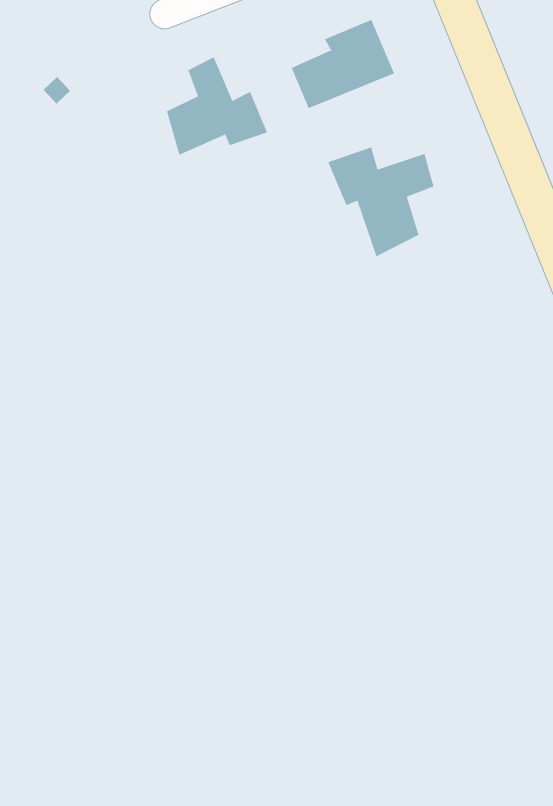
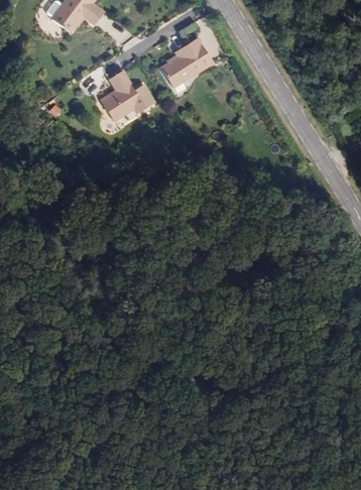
building: [327,147,434,257] -> none

